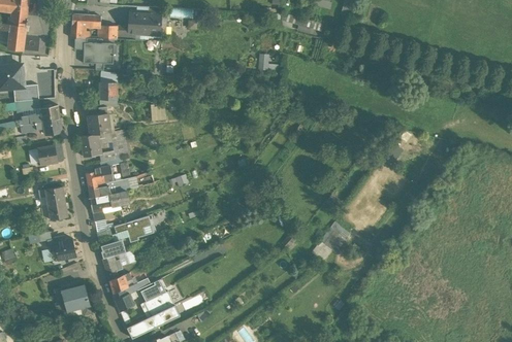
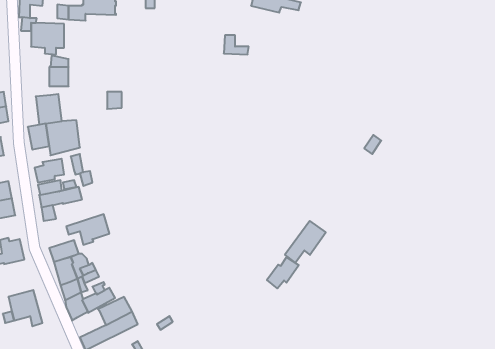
building: none -> [267,257,299,288]

